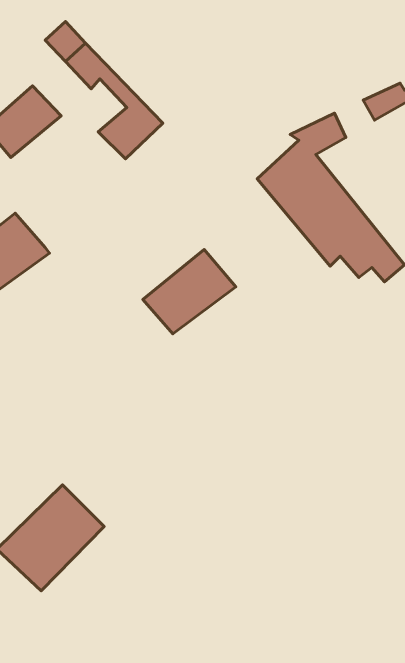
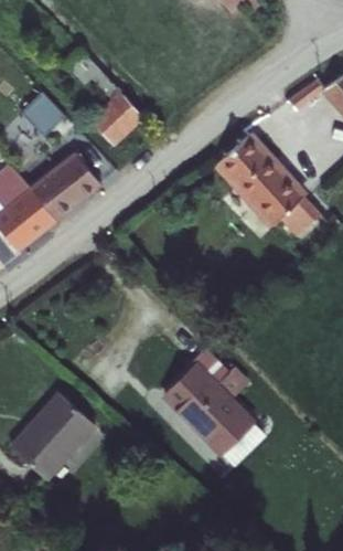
building: [143,249,236,334] -> [29,150,100,215]
building: none -> [164,350,249,454]

